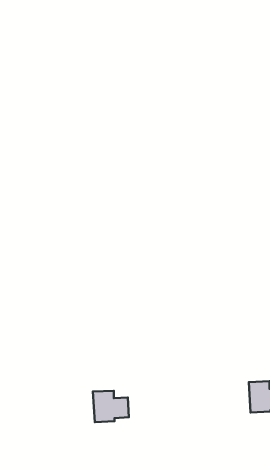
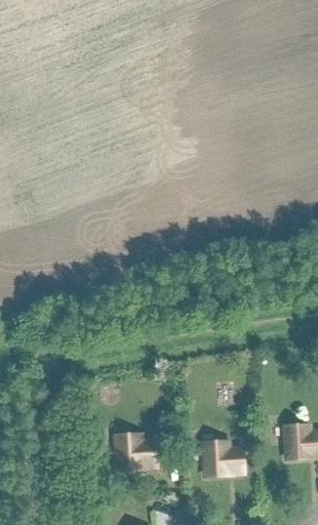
building: none -> [203,441,242,475]

